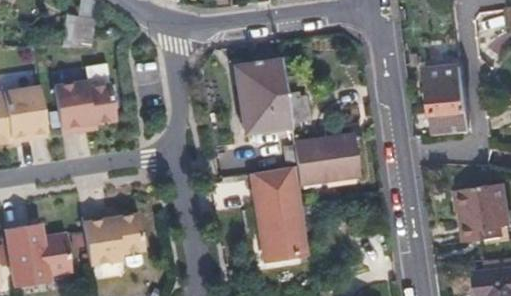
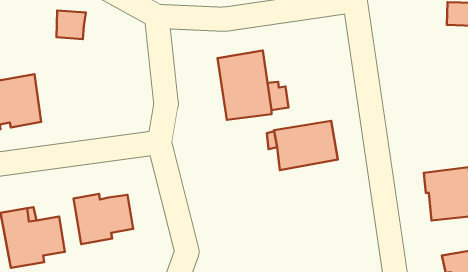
building: [424,63,468,132] -> none
building: [55,79,117,132] -> none
building: [253,166,309,279] -> none

